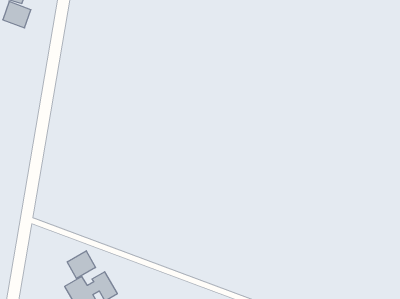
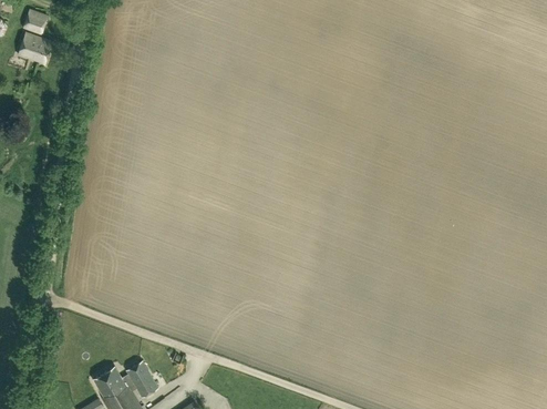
building: [67,251,96,279] -> none

